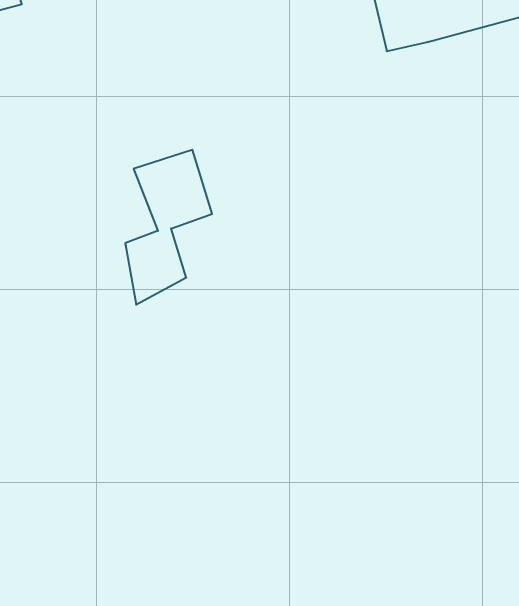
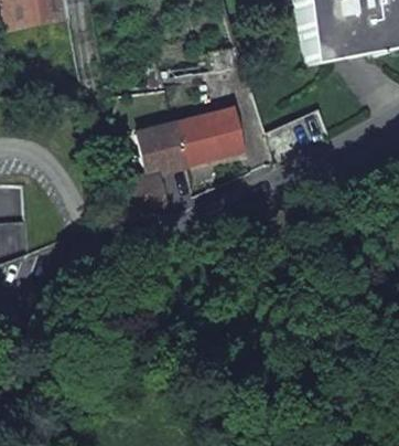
building: none -> [174,104,244,161]

